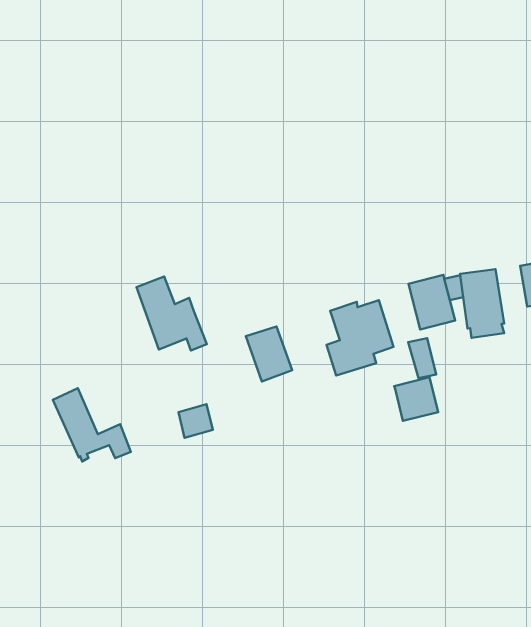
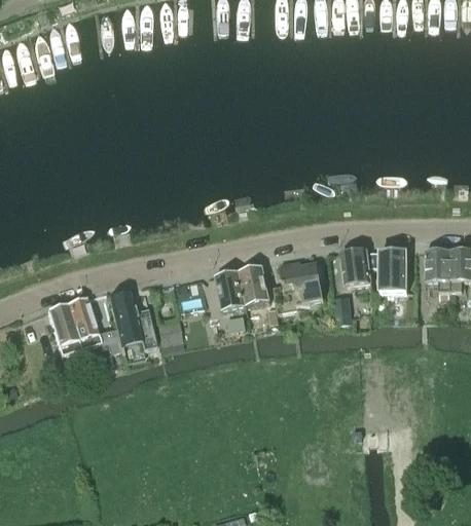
building: [136,276,207,351] -> [109,291,155,348]
building: none -> [239,264,270,303]
building: [394,377,438,421] -> none
building: none -> [47,301,79,351]

